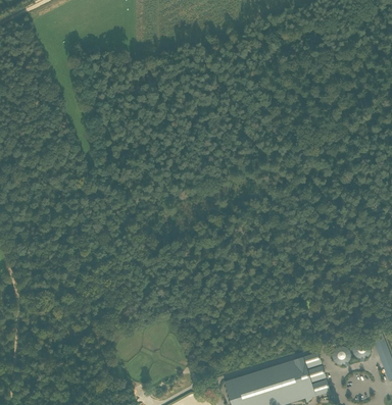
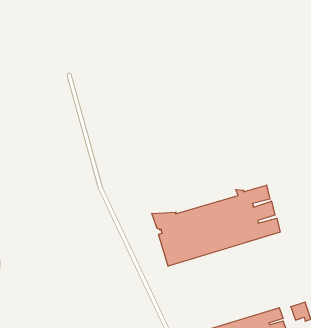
building: none -> [152,185,280,266]

